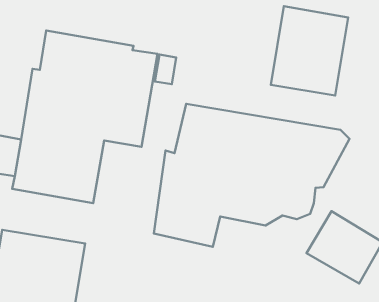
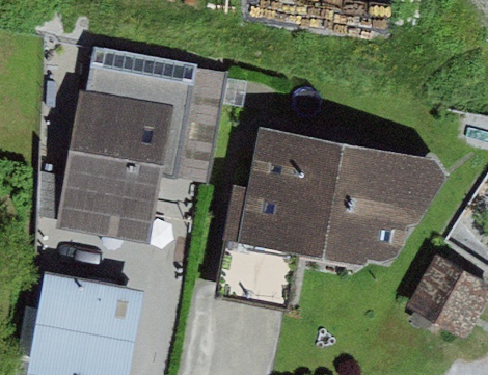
building: [271,6,348,95] -> none

